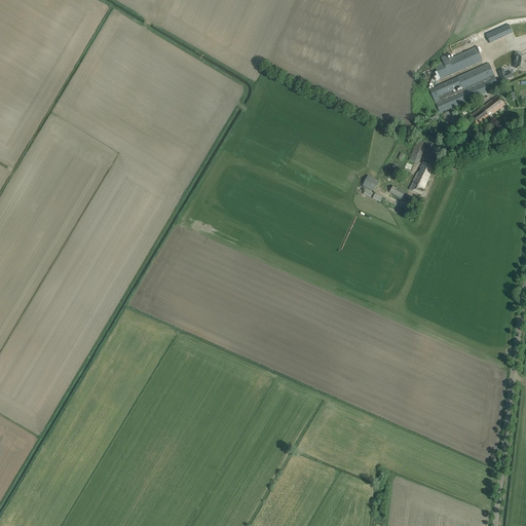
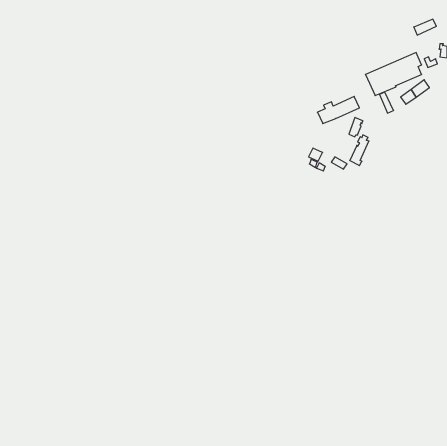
building: [433,45,482,77] -> [317,96,359,124]

